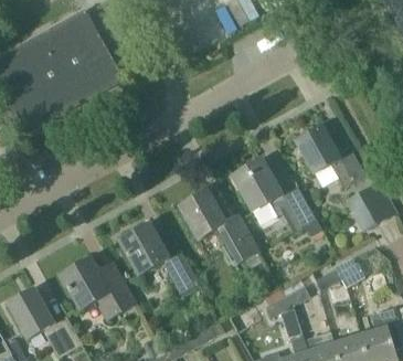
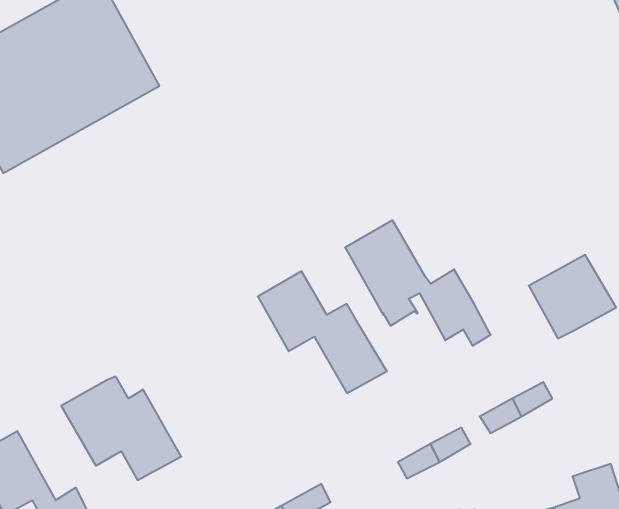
building: [295,125,365,188] -> none
building: [119,222,200,295] -> none

